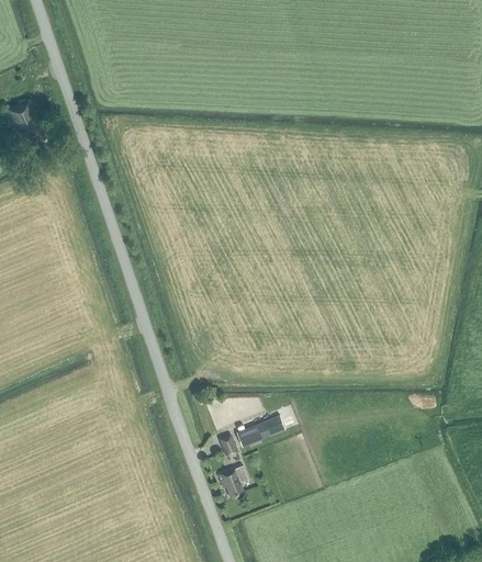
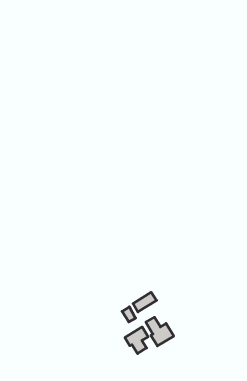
building: none -> [146,317,174,346]

